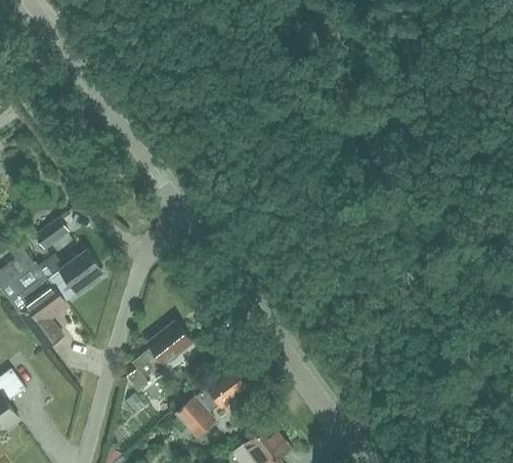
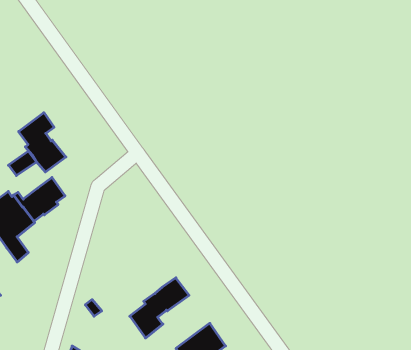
building: none -> [19,113,66,172]
building: [128,323,193,391] -> none

